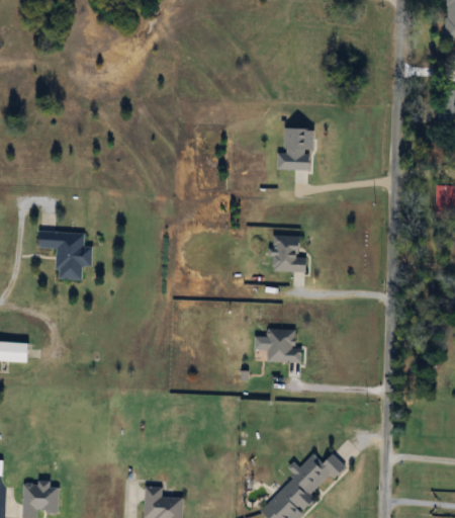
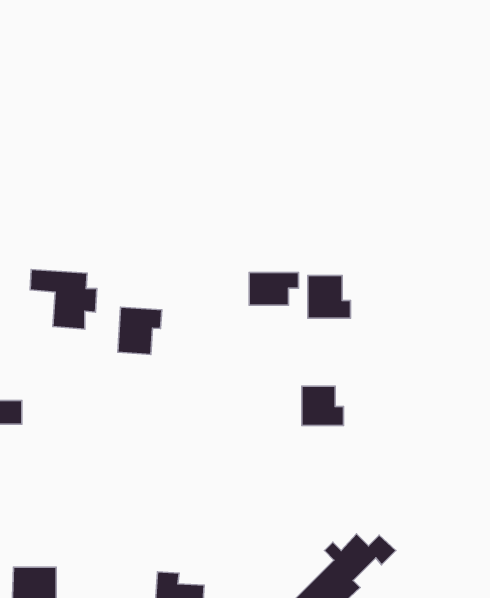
building: [276,127,312,169] -> none
building: none -> [249,272,298,305]
building: none -> [118,307,162,354]

